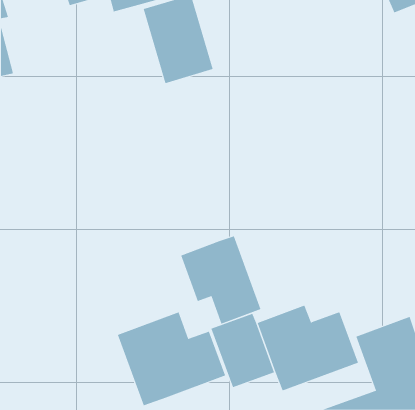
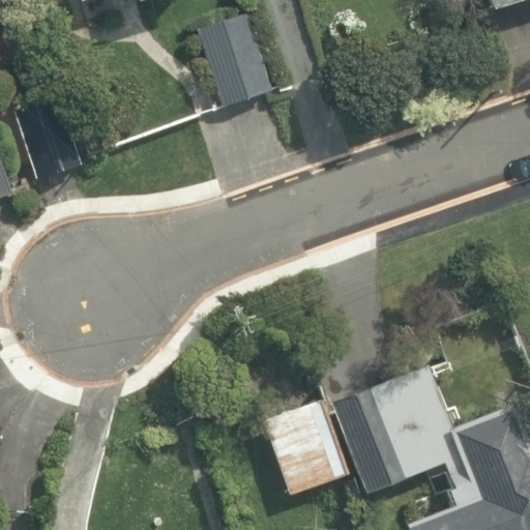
building: [181,235,261,325] -> none
building: [117,312,226,406] -> none

